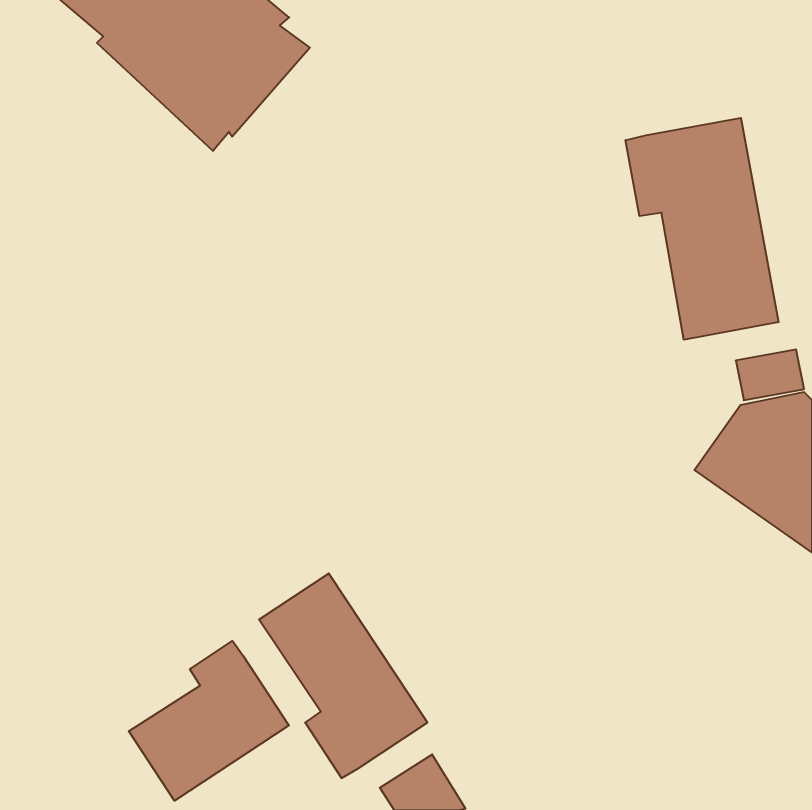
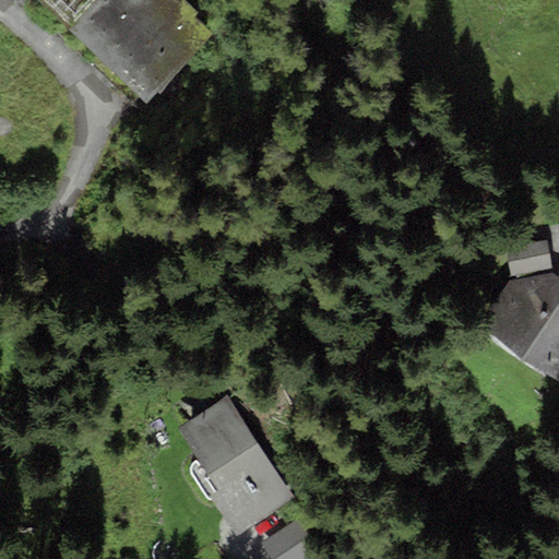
building: [626,118,778,340] -> none
building: [129,641,289,801] -> none

